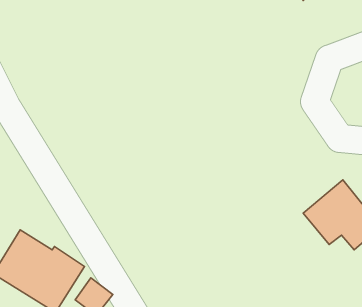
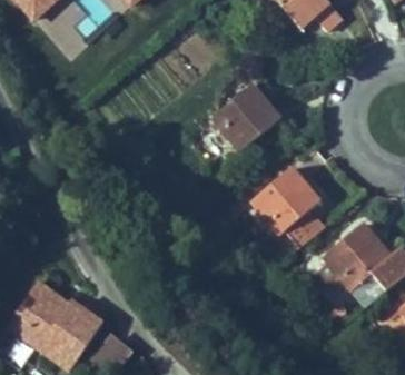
building: none -> [213,83,281,152]
building: none -> [254,166,324,235]

